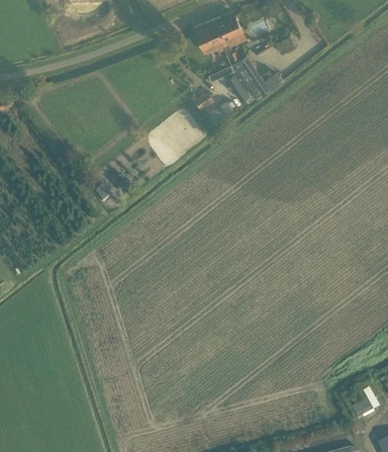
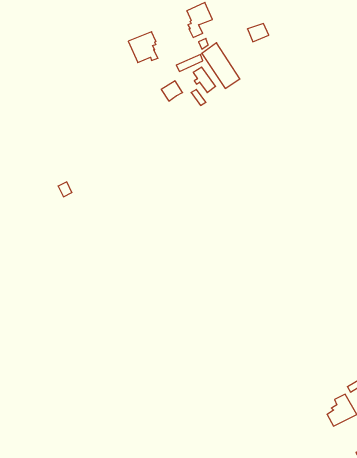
building: [194,23,222,53] -> [128,32,158,63]

